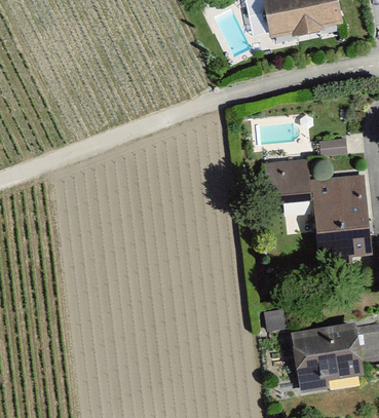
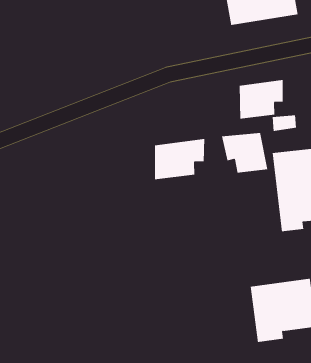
building: none -> [239,79,283,119]
building: none -> [154,138,205,180]

